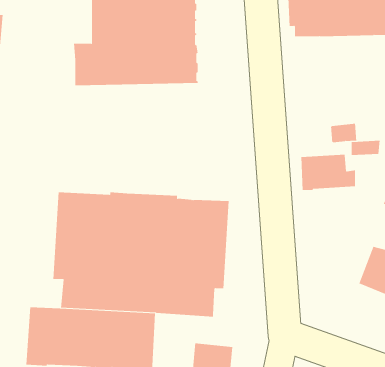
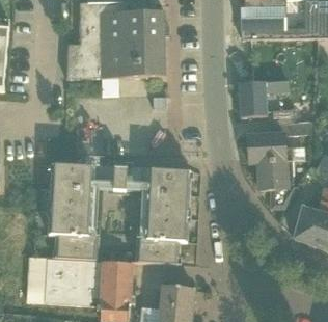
building: none -> [239,80,289,116]
building: none -> [258,159,295,208]

